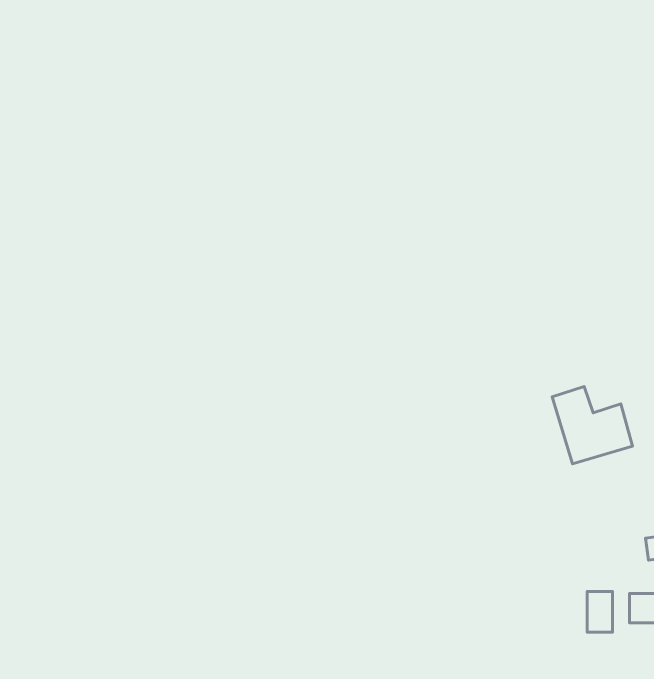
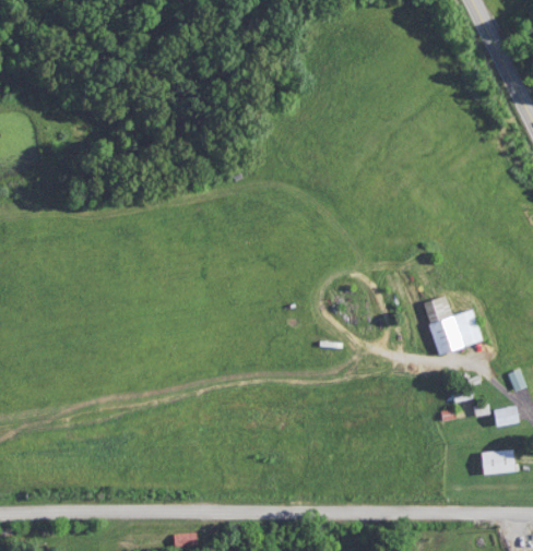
building: [587,592,613,632] -> none

